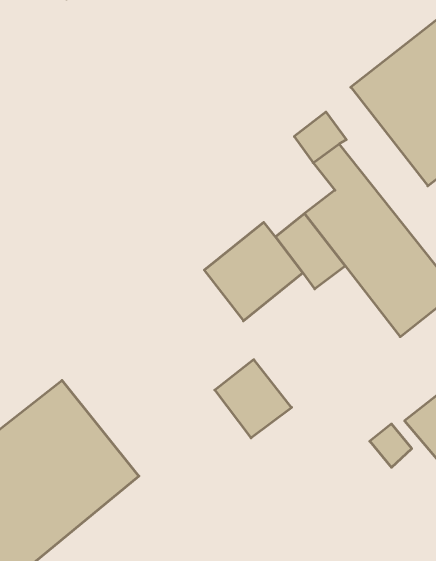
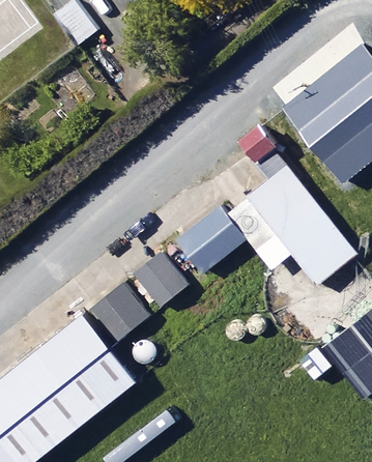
building: none -> [91,282,151,343]
building: [215,360,292,438] -> [134,252,189,308]

